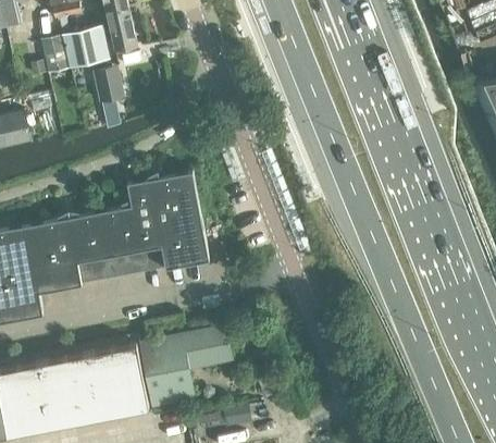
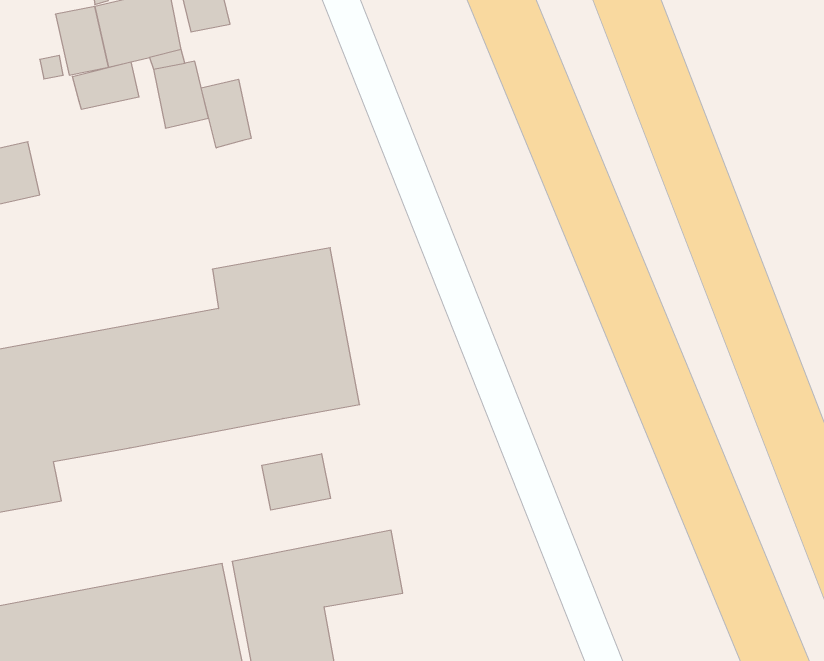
building: none -> [72,62,139,109]
building: none -> [201,79,251,148]
building: none -> [262,454,331,510]

